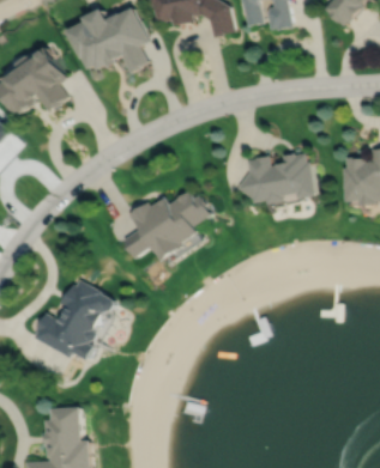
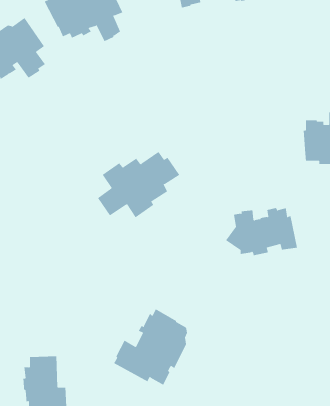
building: [237,153,315,205] -> [225,208,298,256]
building: [31,280,111,363] -> [113,308,188,386]

